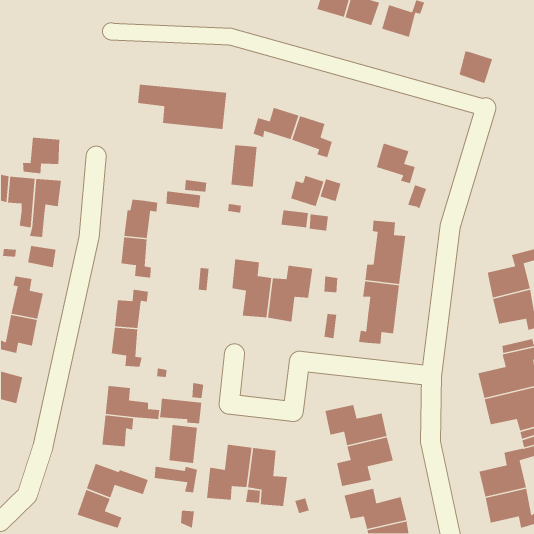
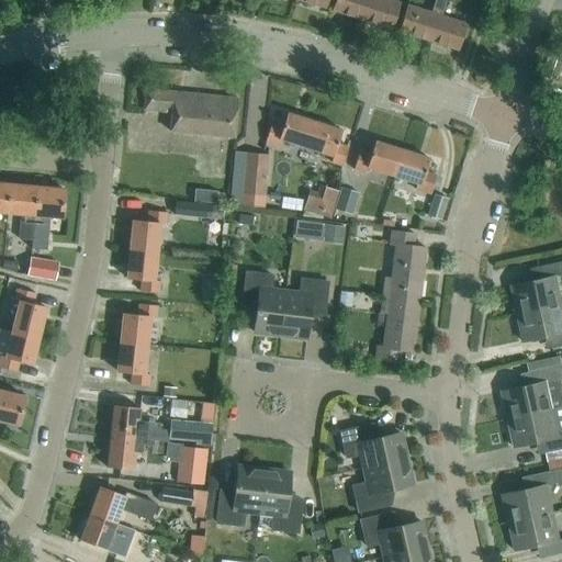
building: [459,51,493,84] -> [430,14,467,49]
building: none -> [356,140,403,176]
building: [22,137,60,174] -> none

